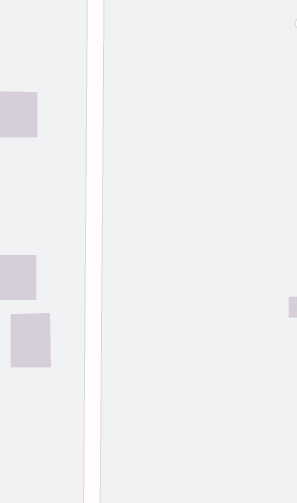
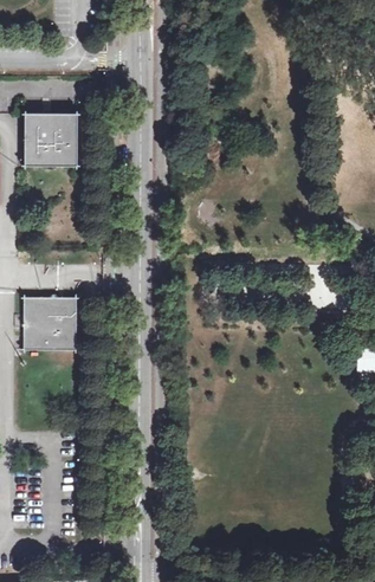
building: [10,312,51,368] -> none

